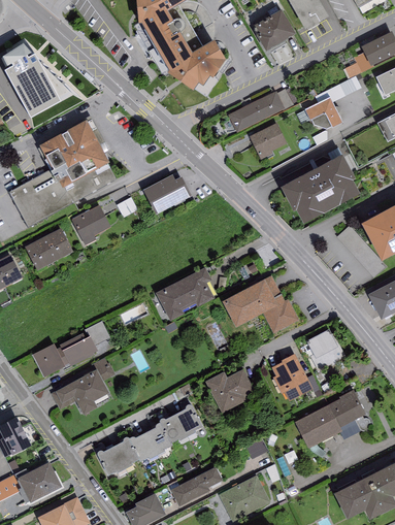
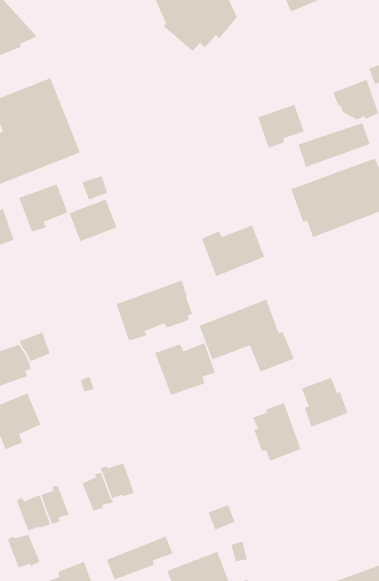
building: [228,91,285,131] -> [298,122,371,168]
building: [144,175,184,211] -> [68,198,117,242]
building: none -> [201,225,265,277]
building: [204,368,254,413] -> [154,342,216,396]
building: [295,388,366,448] -> none
building: [176,403,202,436] -> none
building: [129,433,157,461] -> [7,534,40,569]

